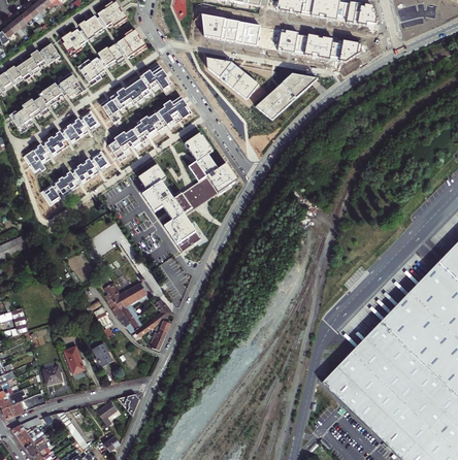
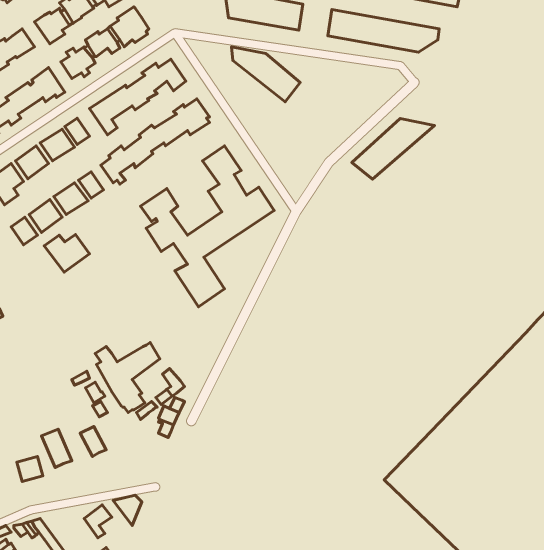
building: [256,73,318,119] -> [352,119,435,179]
building: none -> [44,234,90,272]

